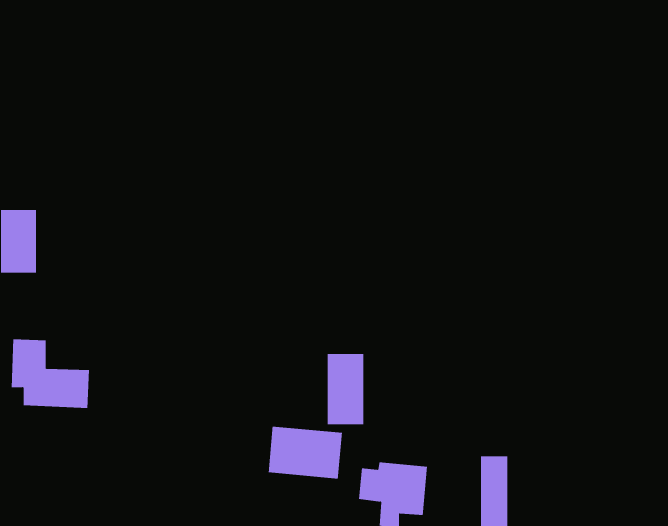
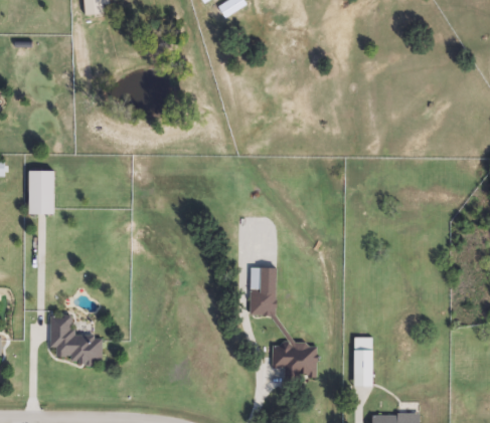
building: [11,339,90,408] -> [49,314,103,362]
building: [268,426,343,479] -> none

